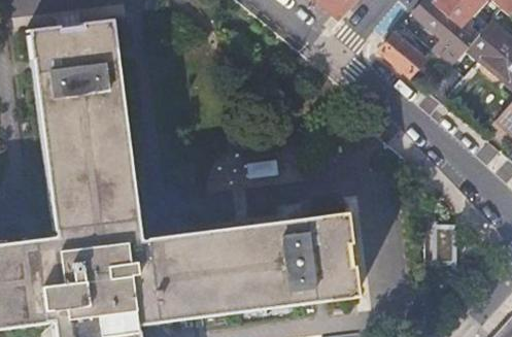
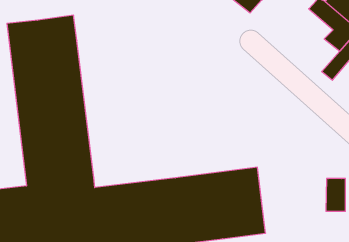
building: [380,32,425,75] -> none

